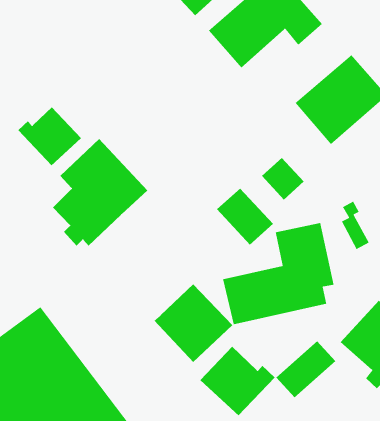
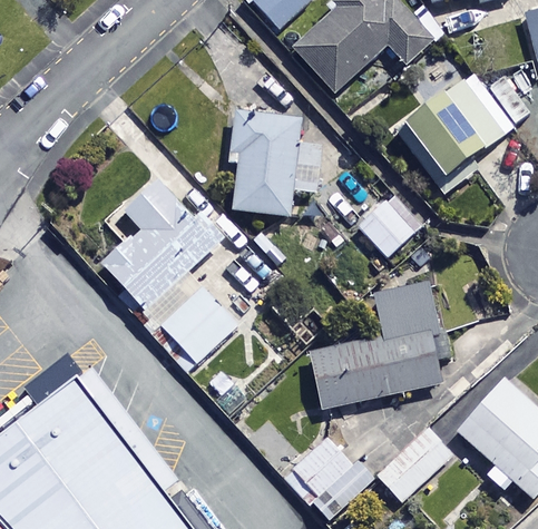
building: none -> [225,112,299,216]
building: [17,106,82,166] -> none
building: [216,188,274,246] -> none
building: [154,283,233,363] -> [138,273,236,371]

